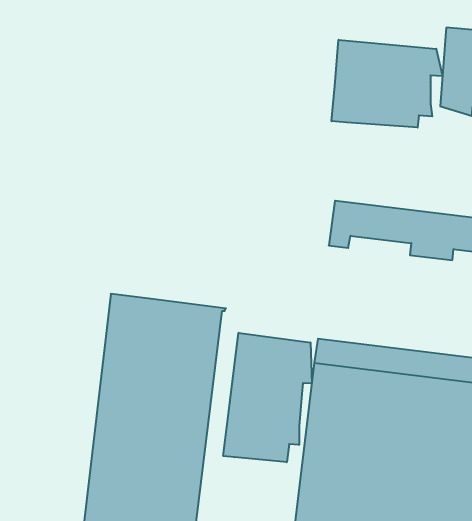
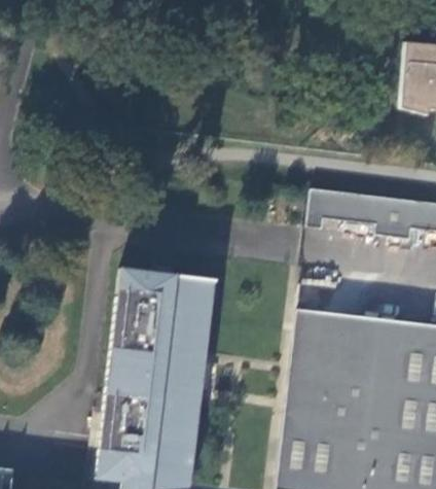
building: [332,40,443,128] -> none
building: [223,333,312,462] -> none

